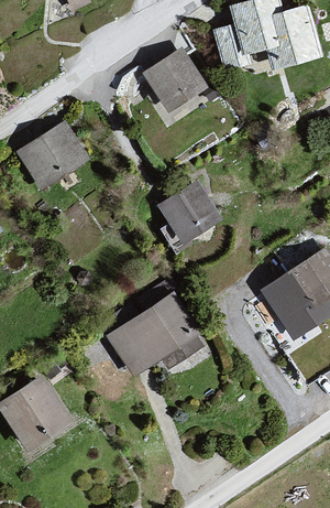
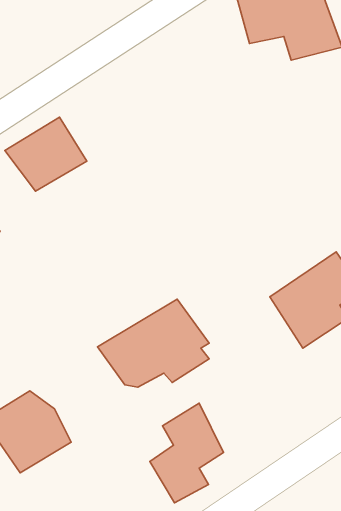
building: [143,48,211,111] -> none
building: [156,183,223,245] -> none
building: none -> [150,403,223,503]

